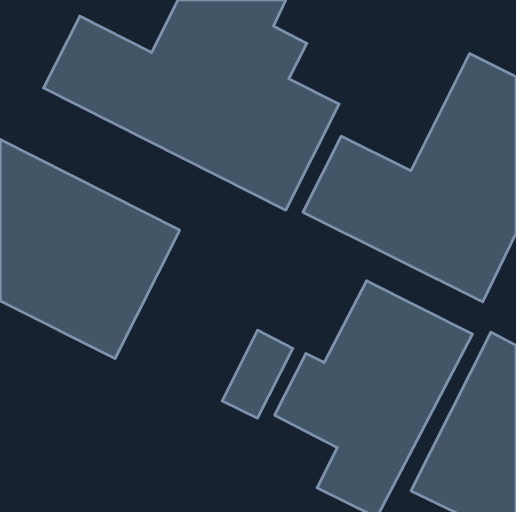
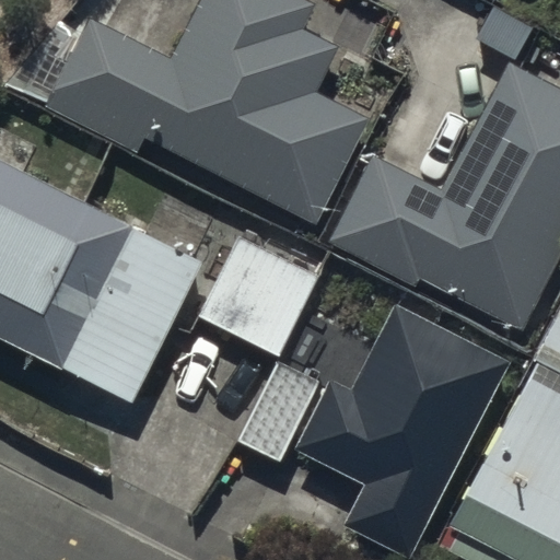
building: none -> [199,237,317,353]

